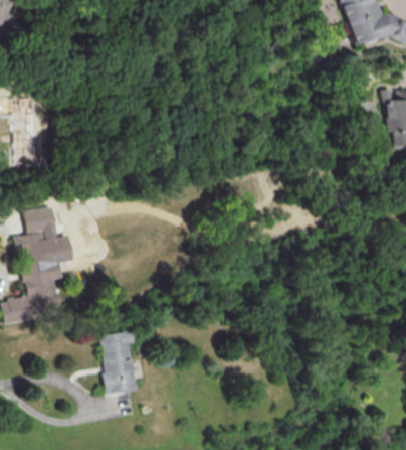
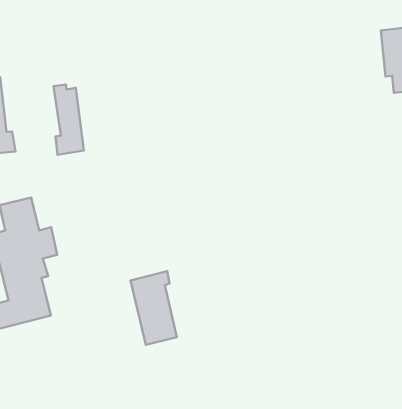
building: none -> [54,84,84,155]
building: [100,331,137,395] -> [131,271,177,345]

